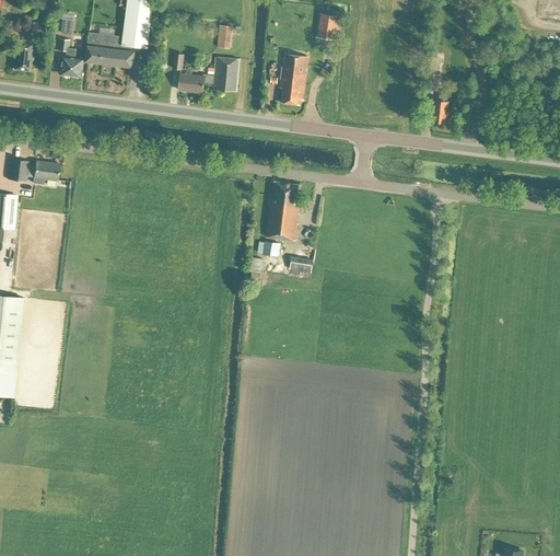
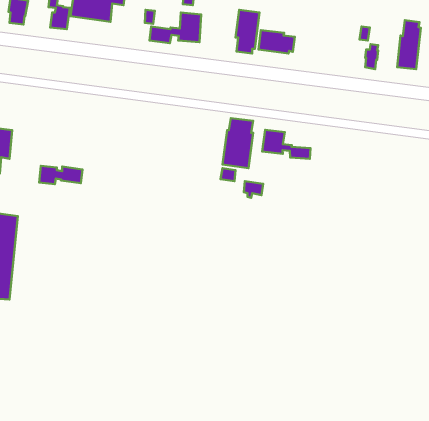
building: none -> [397,20,421,69]
building: none -> [259,30,295,53]
building: [7,159,58,181] -> [39,166,83,184]
building: none -> [262,130,310,159]

